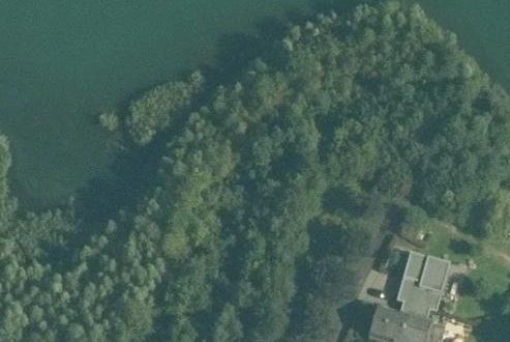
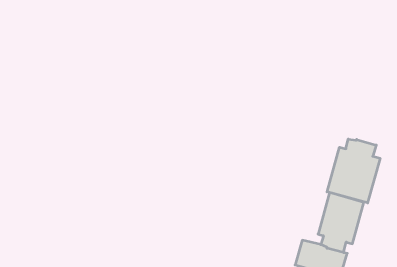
building: none -> [327,139,380,203]

